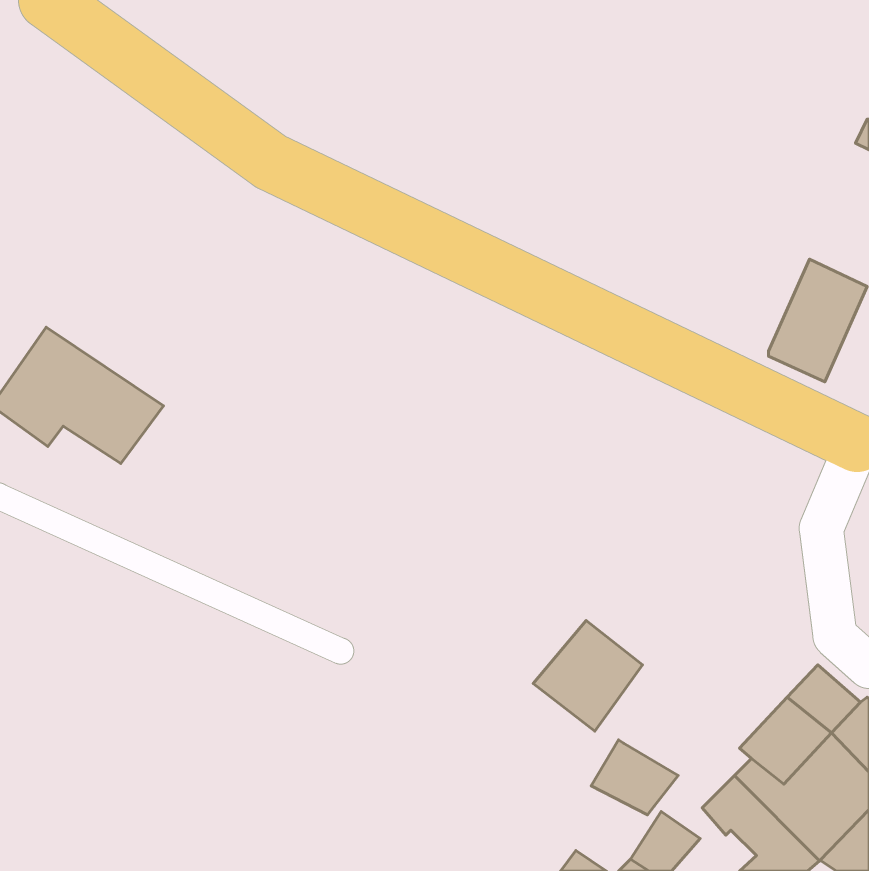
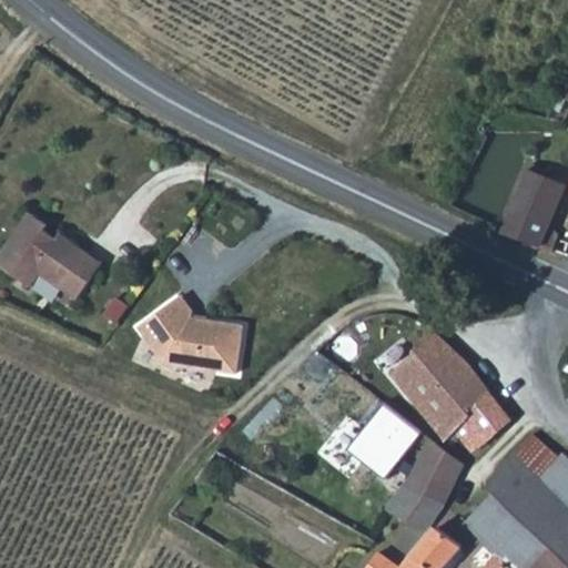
building: none -> [135,295,243,376]
building: none -> [389,329,510,450]
building: none -> [406,437,462,505]

